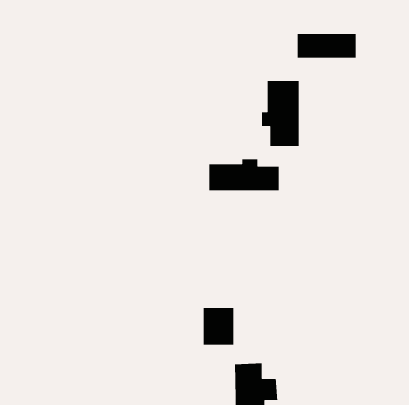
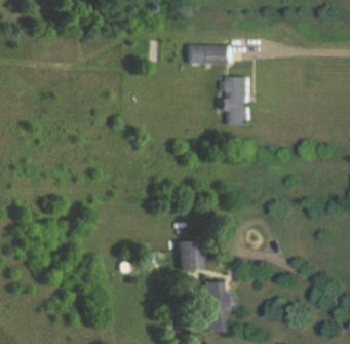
building: [297,33,356,59] -> [189,45,232,64]
building: [208,159,279,191] -> none

